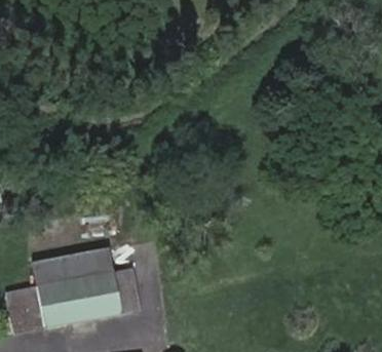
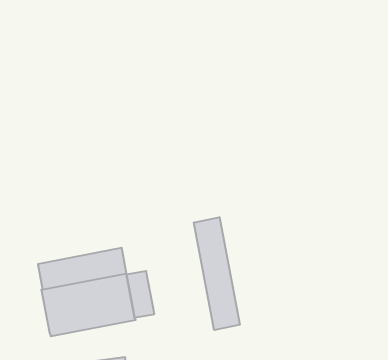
building: none -> [194,217,240,330]
building: [8,288,44,331] -> none

